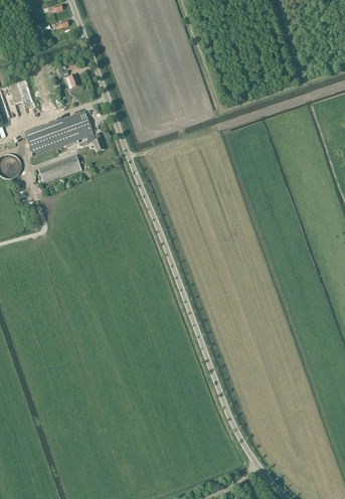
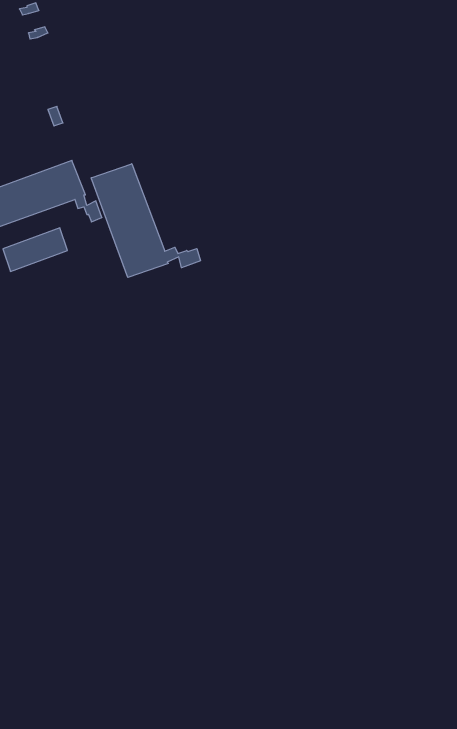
building: none -> [91,164,200,277]

